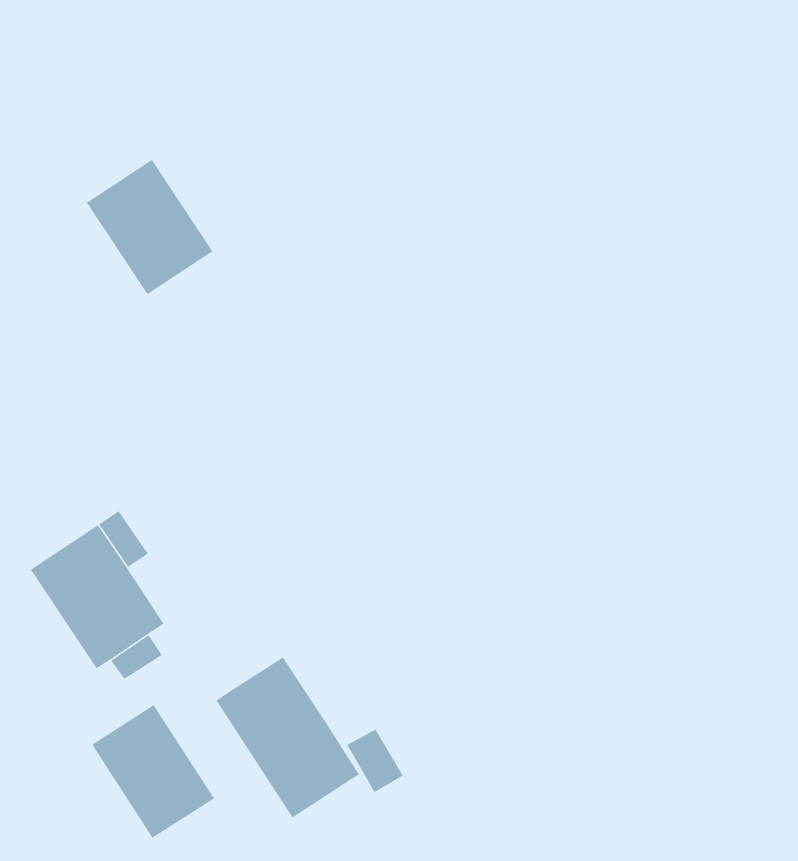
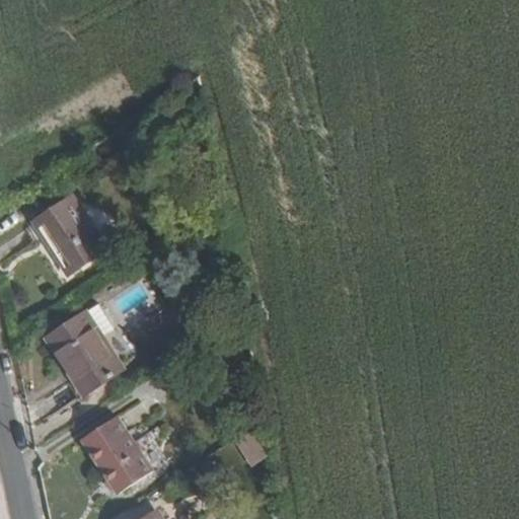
building: [86,159,213,295] -> [30,196,104,275]
building: [215,657,360,819] -> none

